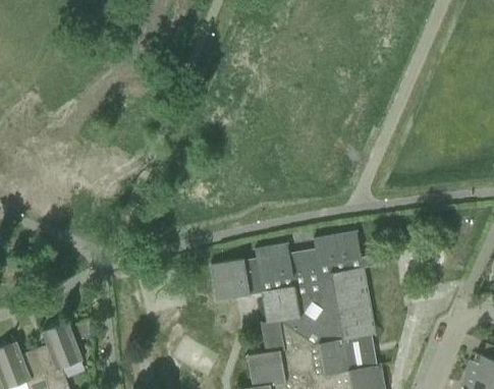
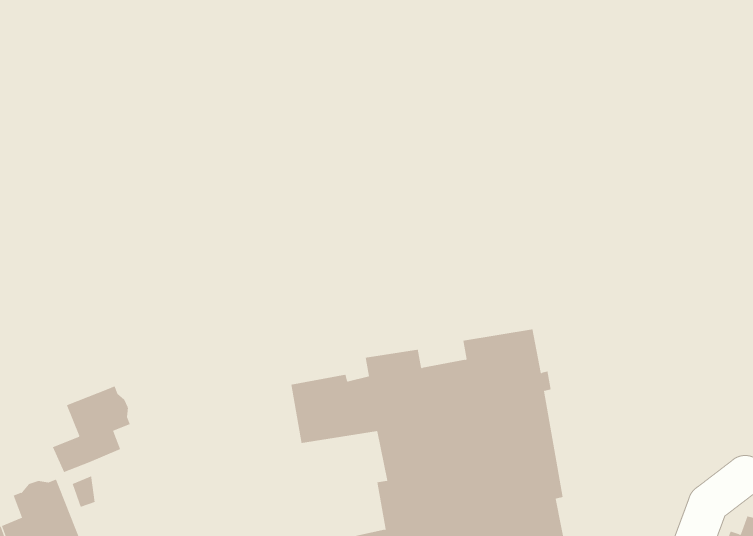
building: none -> [52,386,131,473]

